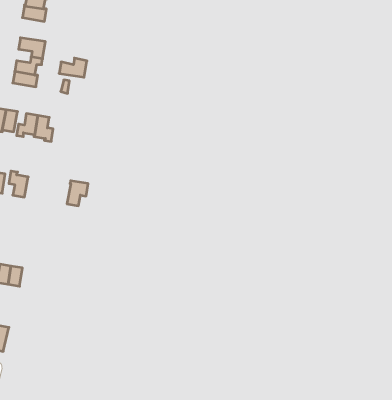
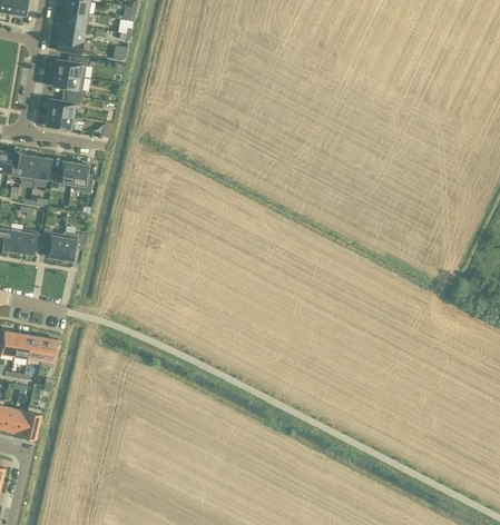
building: [59,58,87,77] -> [55,56,87,78]
building: [67,181,88,206] -> [59,231,84,260]

